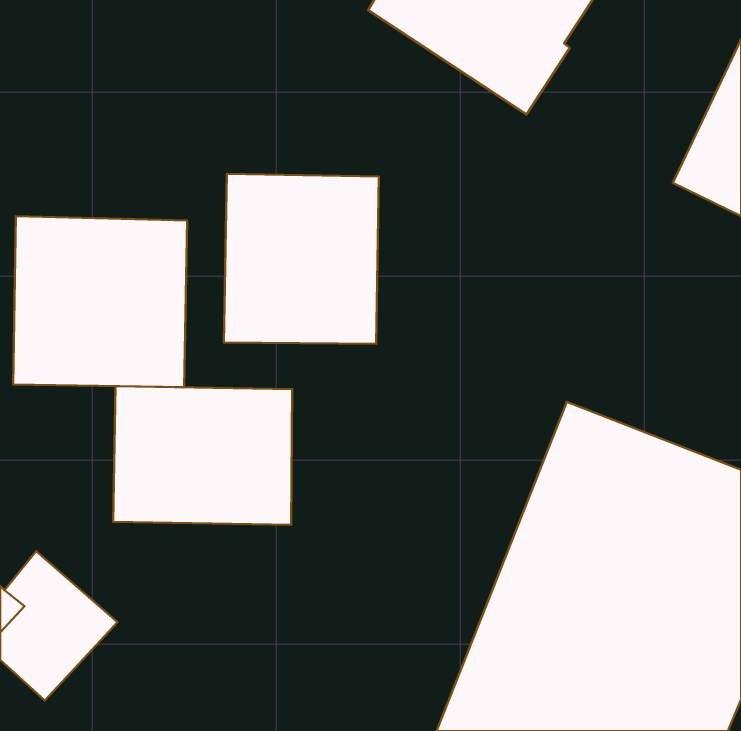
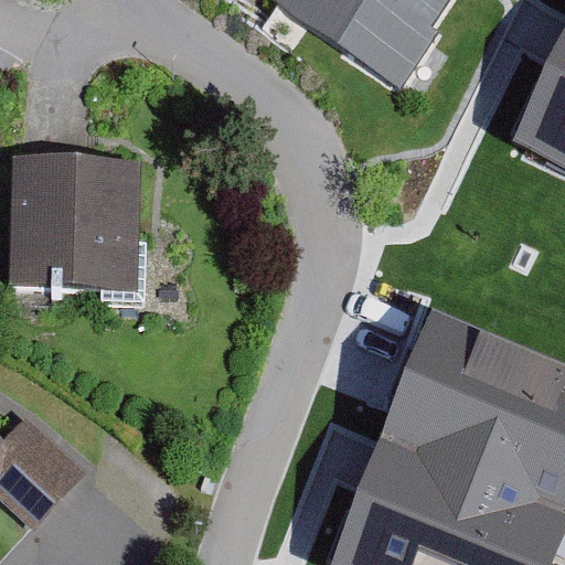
building: [224,174,379,344] -> none
building: [113,386,292,525] -> none

